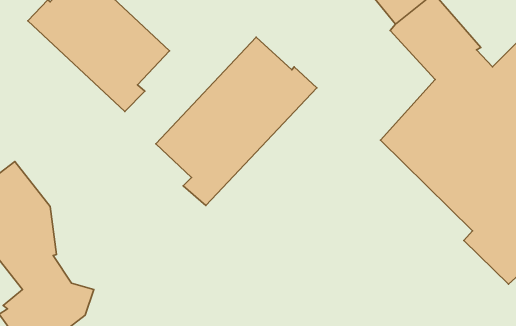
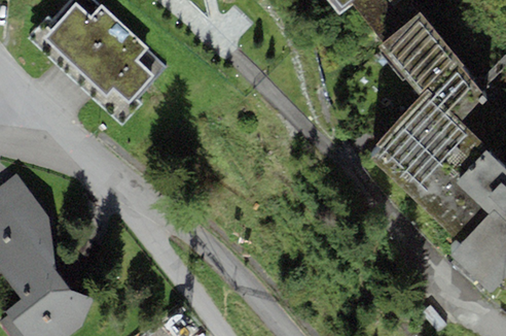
building: [156,37,317,206] -> none

